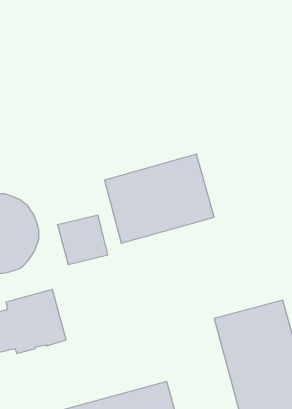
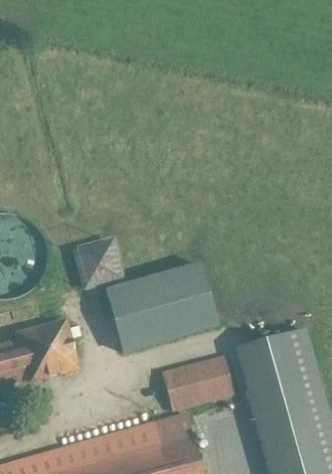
building: [105,154,214,243] -> [104,263,217,355]
building: none -> [161,356,233,413]

